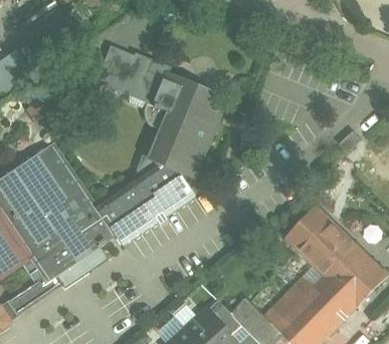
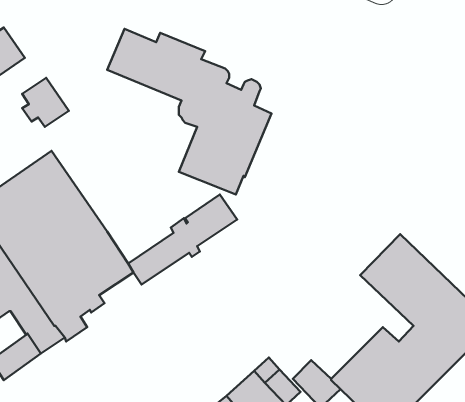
building: [93,159,181,229] -> none

